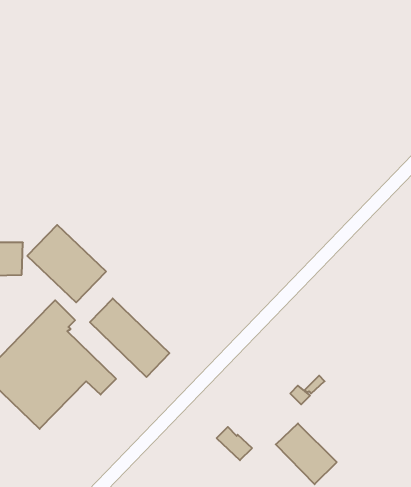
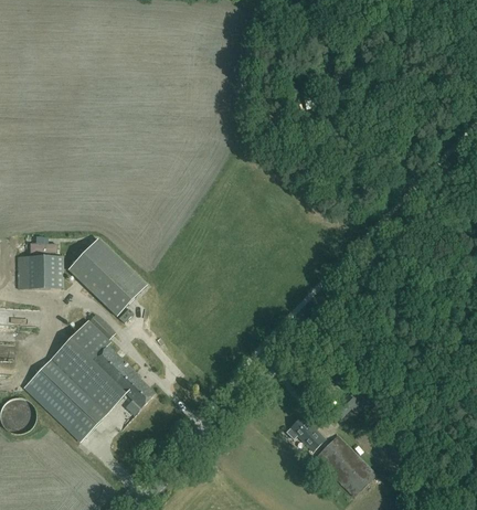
building: [90,298,169,377] -> none
building: [217,427,252,460] -> [289,417,325,450]

